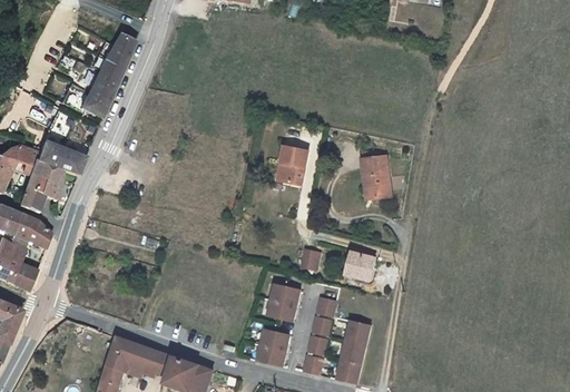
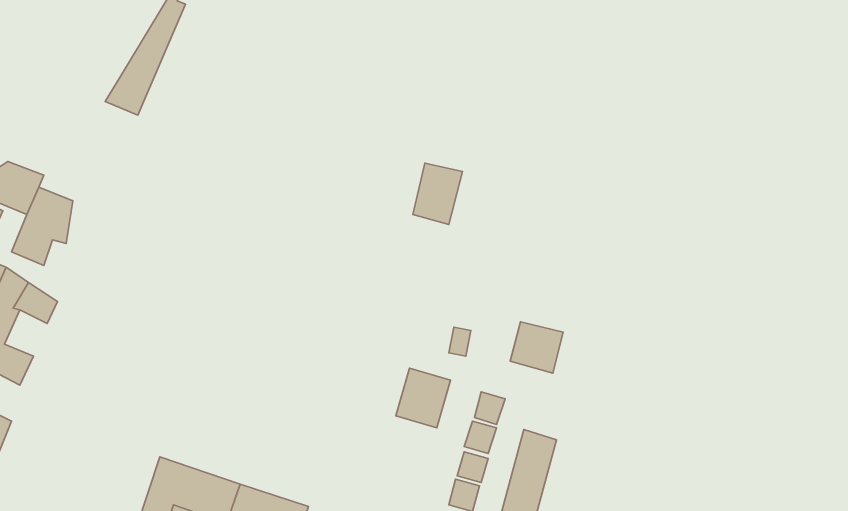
building: [35,144,80,177] -> none
building: [363,155,390,197] -> none
building: [255,325,291,363] -> none

